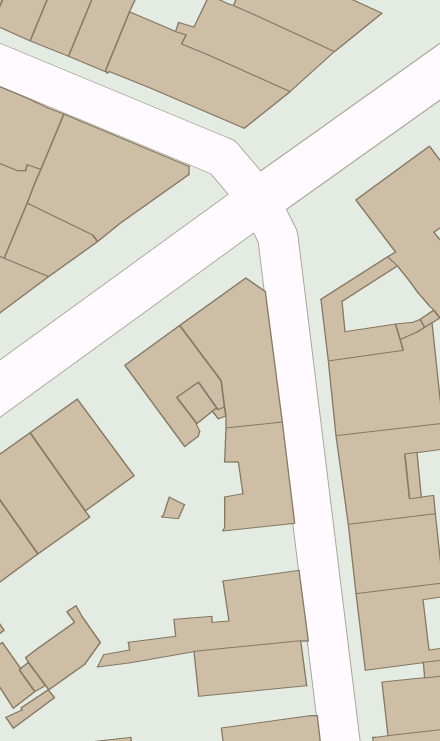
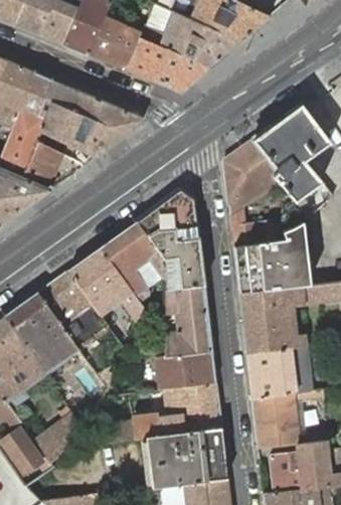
building: none -> [223,140,279,205]
building: none -> [69,248,143,320]
building: none -> [157,352,215,390]
building: none -> [149,459,222,487]

